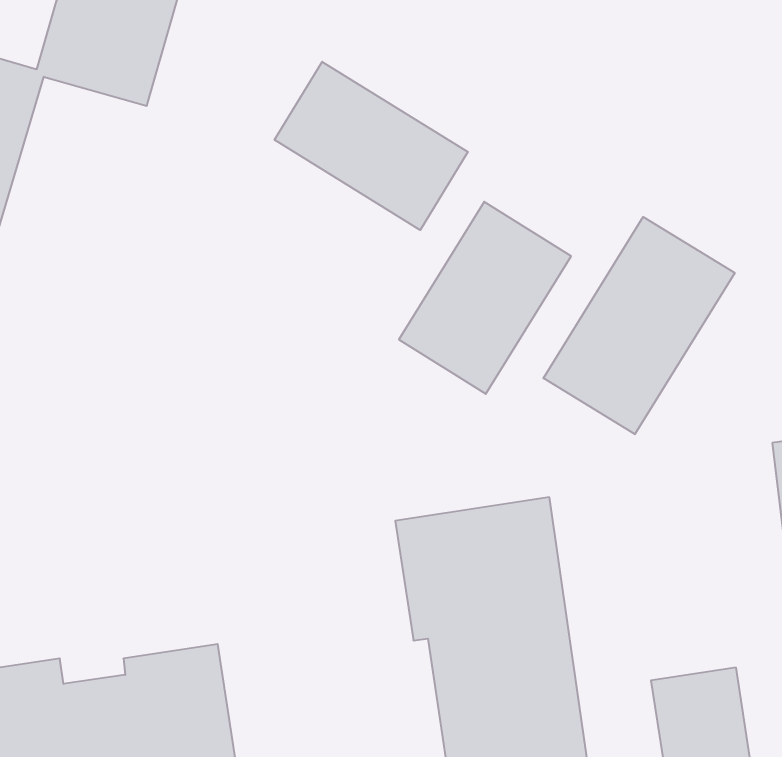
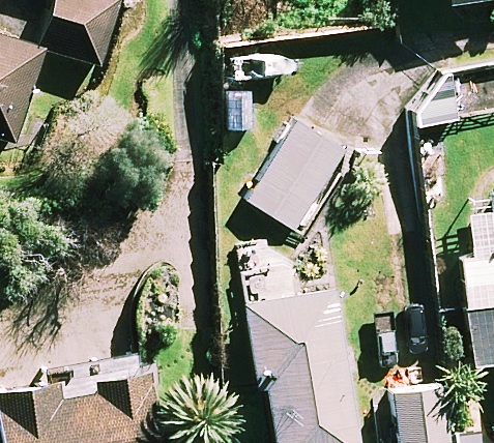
building: [275,62,468,230] -> none
building: [543,217,735,434] -> none

